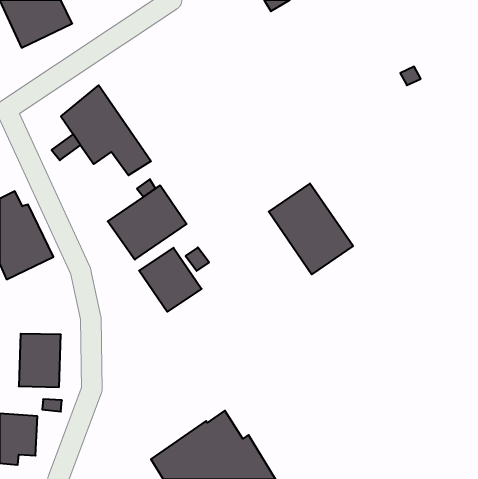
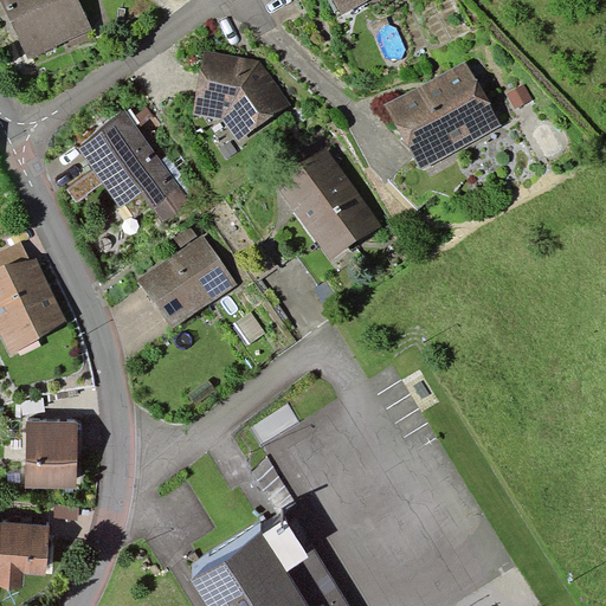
building: none -> [193,50,289,141]
building: none -> [383,60,499,169]
building: [269,183,353,274] -> [273,146,380,260]
building: [139,248,202,312] -> none

